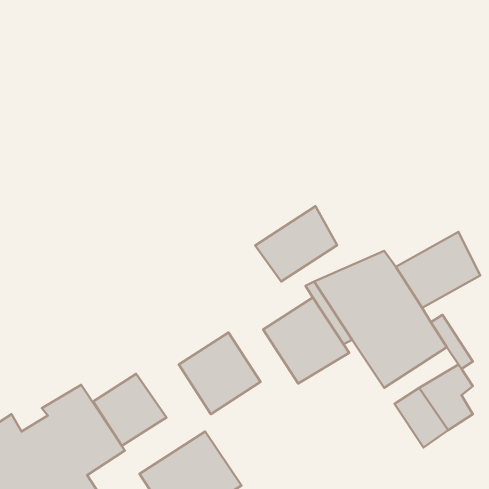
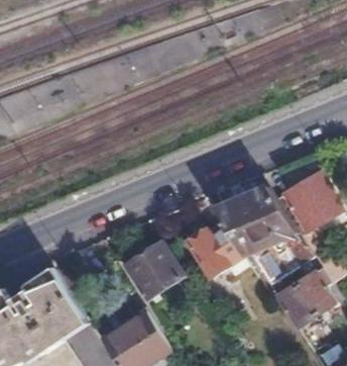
building: [255,206,337,282] -> none
building: [93,374,167,446] -> none

